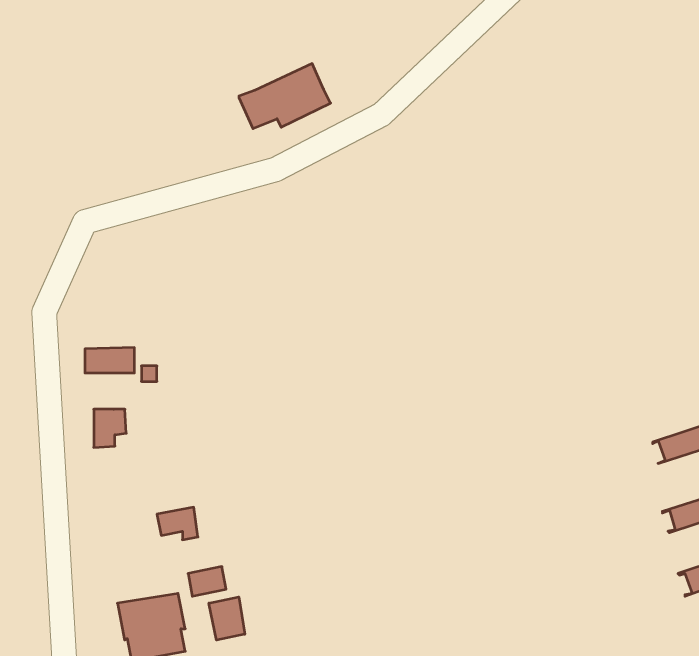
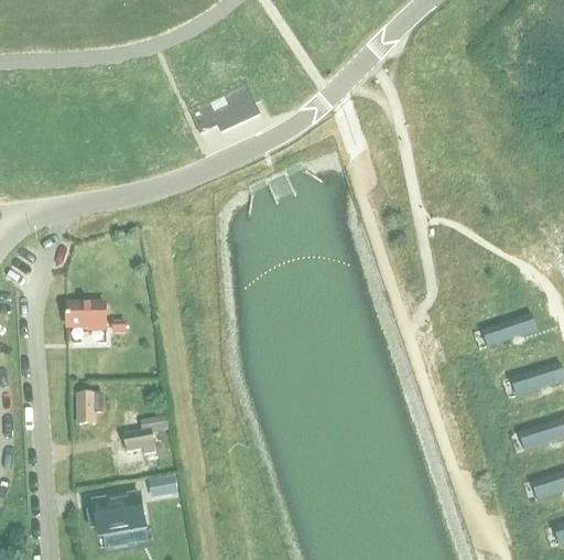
building: none -> [480,312,536,345]
building: [94,409,126,447] -> [78,395,104,424]
building: [209,597,245,640] -> none

